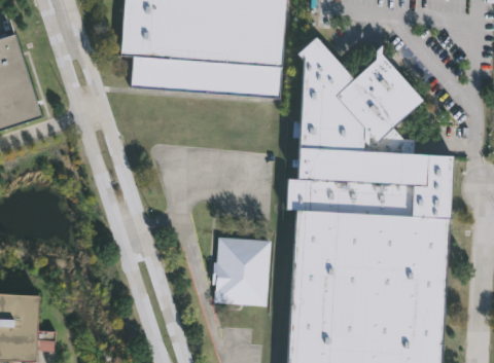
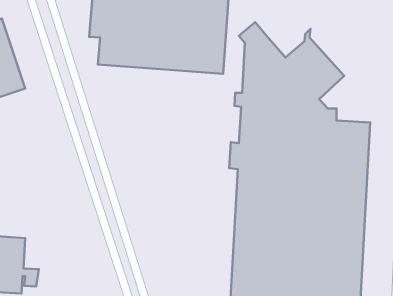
building: [215,234,274,305] -> none

